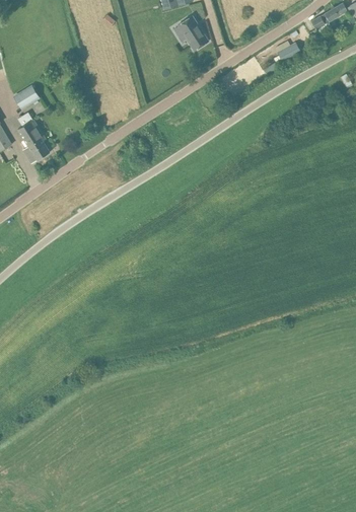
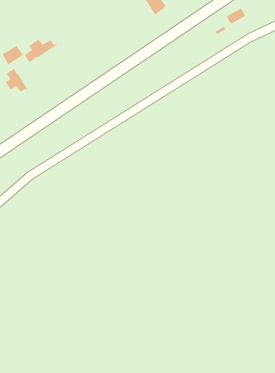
building: none -> [24,38,58,63]
building: [23,134,50,162] -> none

